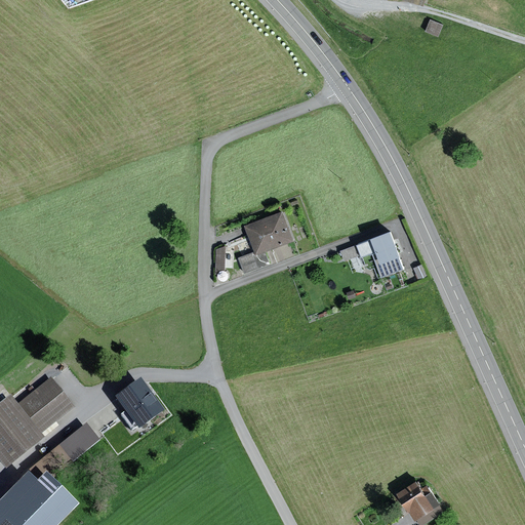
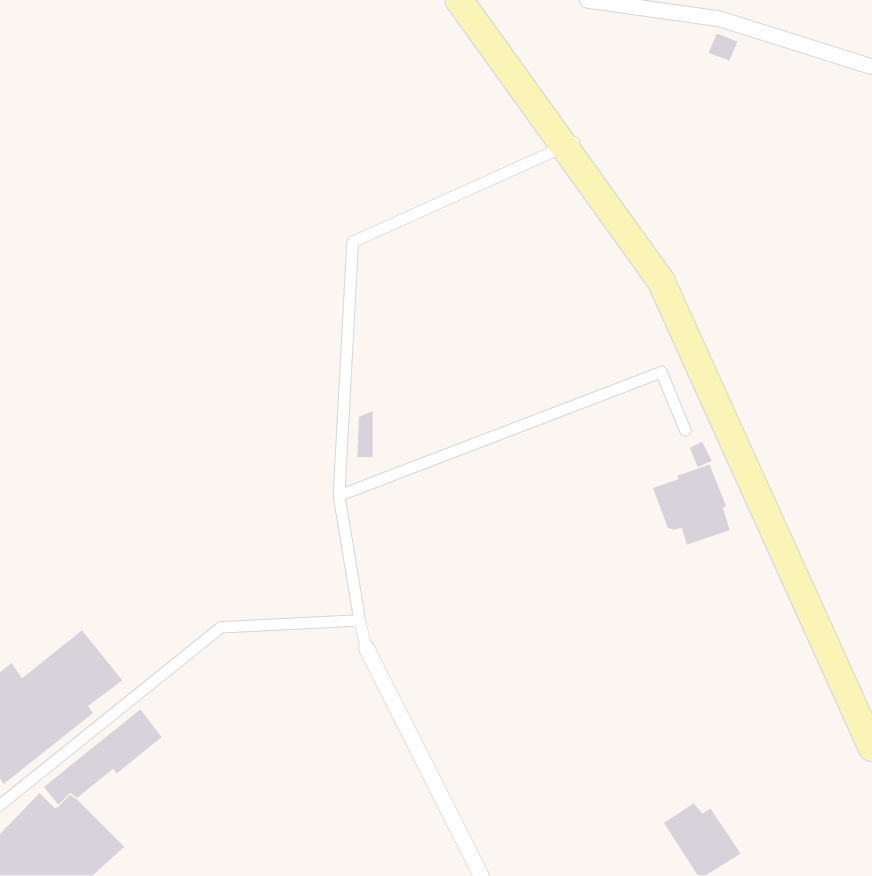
building: [238,210,293,273] -> none
building: [356,229,403,278] -> [652,463,731,546]
building: [112,378,162,431] -> none

